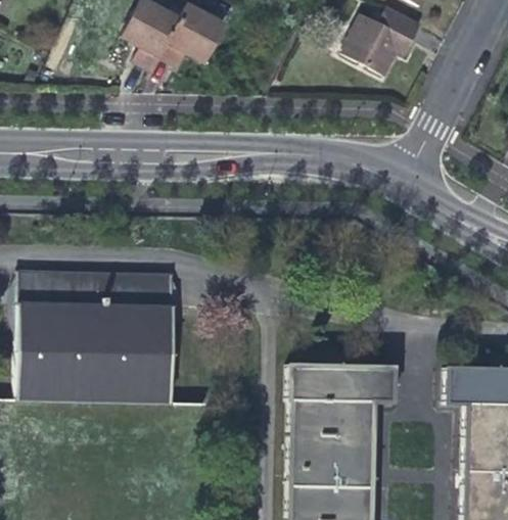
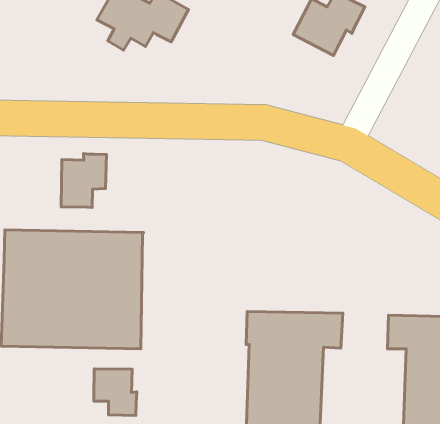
building: none -> [61,153,106,207]
building: none -> [94,369,137,416]

